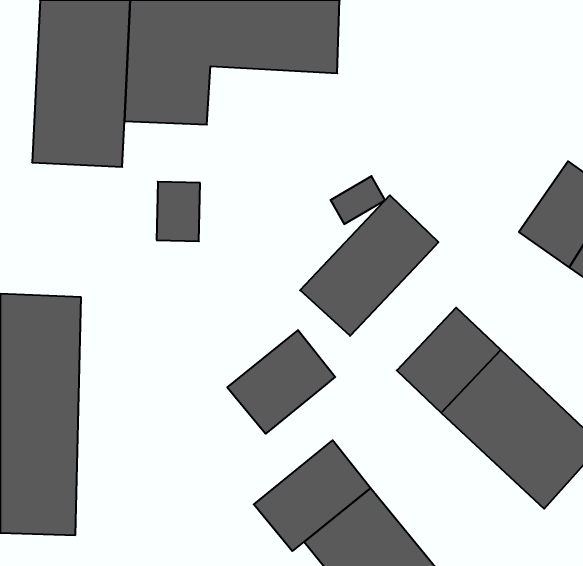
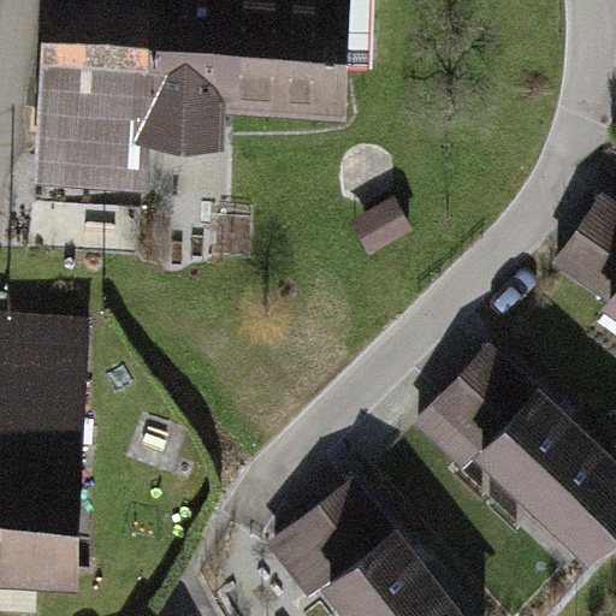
building: [300,195,438,336] -> none
building: [227,330,335,434] -> none

